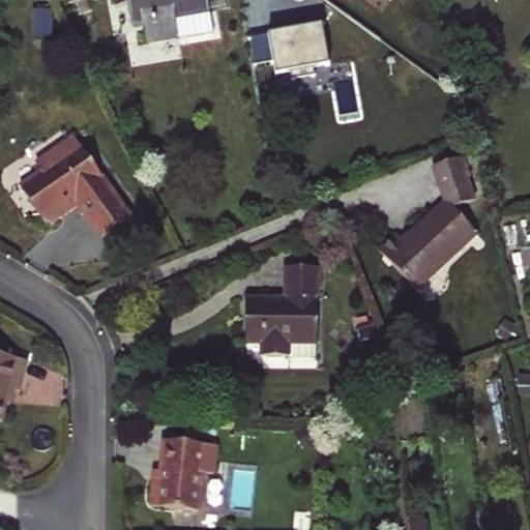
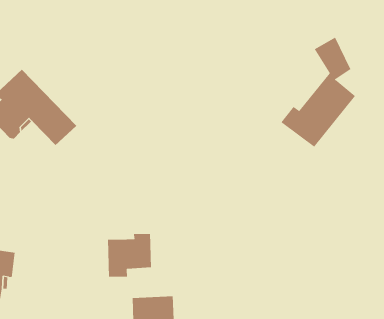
building: [244,264,317,353] -> none
building: none -> [108,233,152,278]

